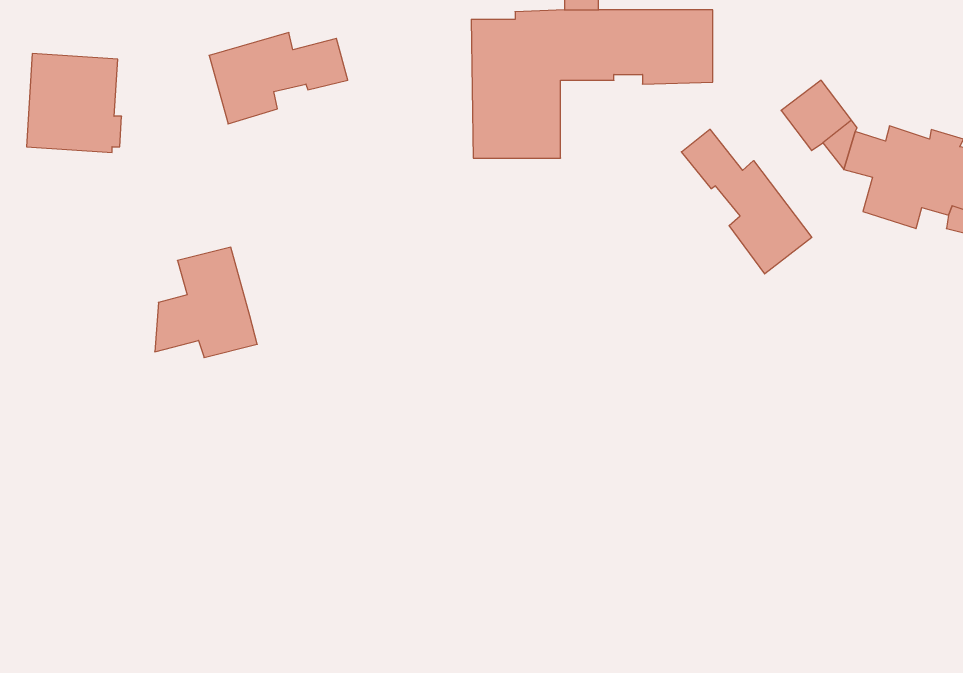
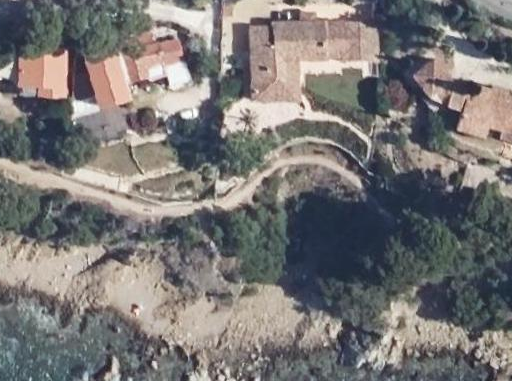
building: [681,129,812,274] -> none
building: [155,247,257,358] -> [74,48,128,106]

